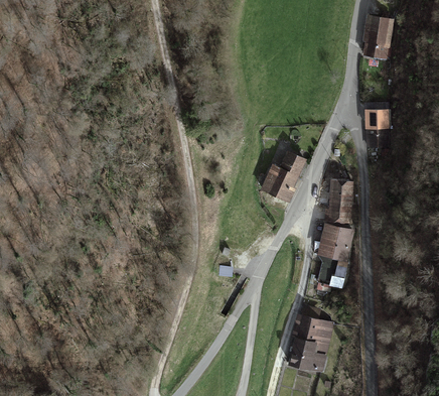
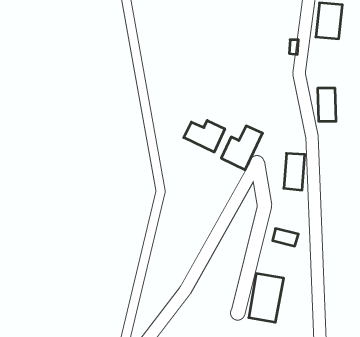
building: none -> [184,120,225,152]
building: [317,224,349,259] -> none

